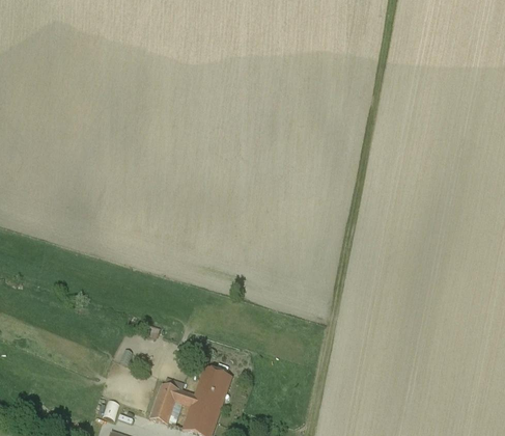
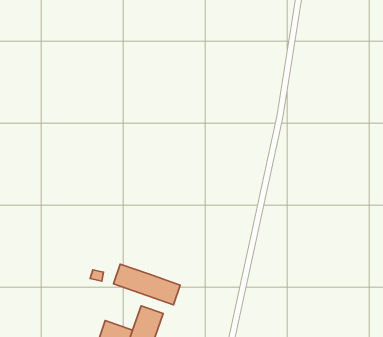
building: none -> [114,264,180,305]

